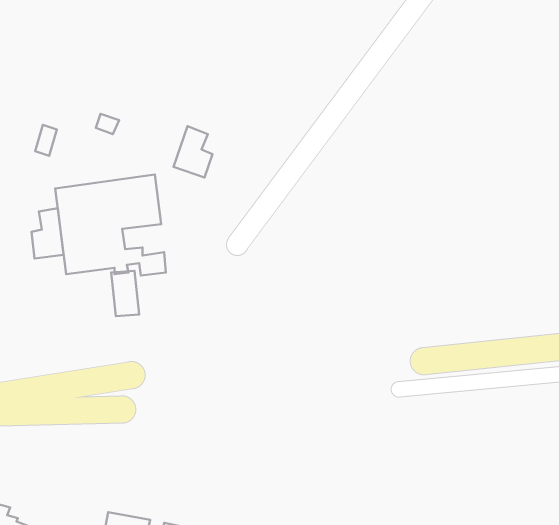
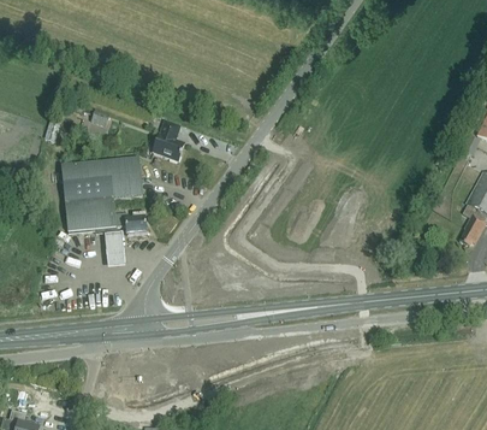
building: [31,208,64,259] -> none

